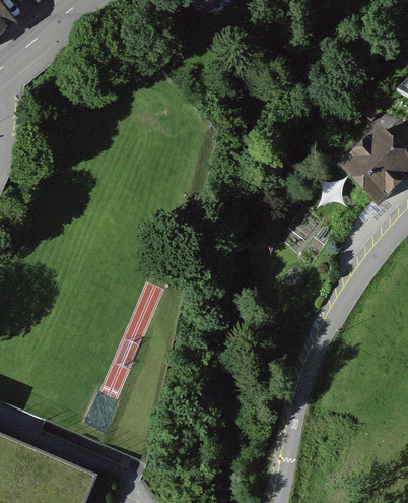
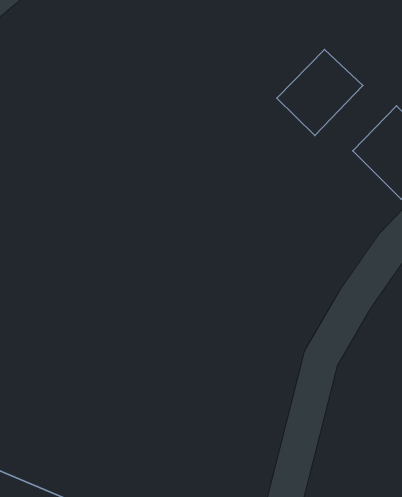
building: none -> [277,49,363,135]

